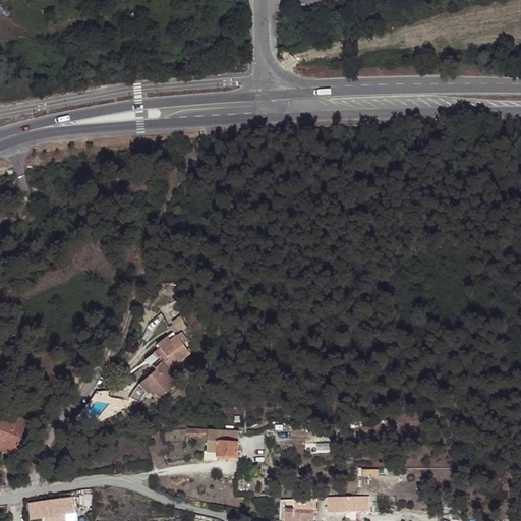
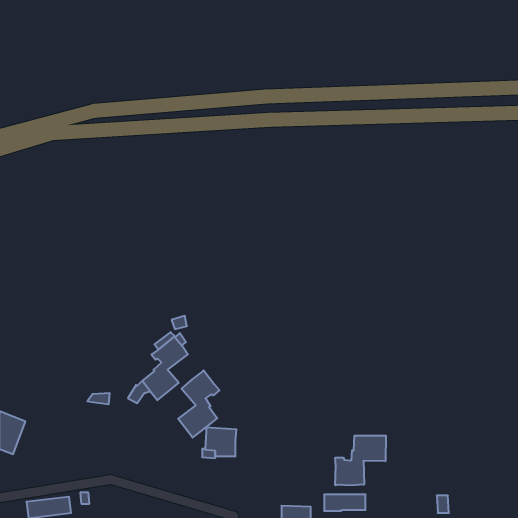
building: none -> [178,370,220,438]
building: none -> [335,436,386,485]

